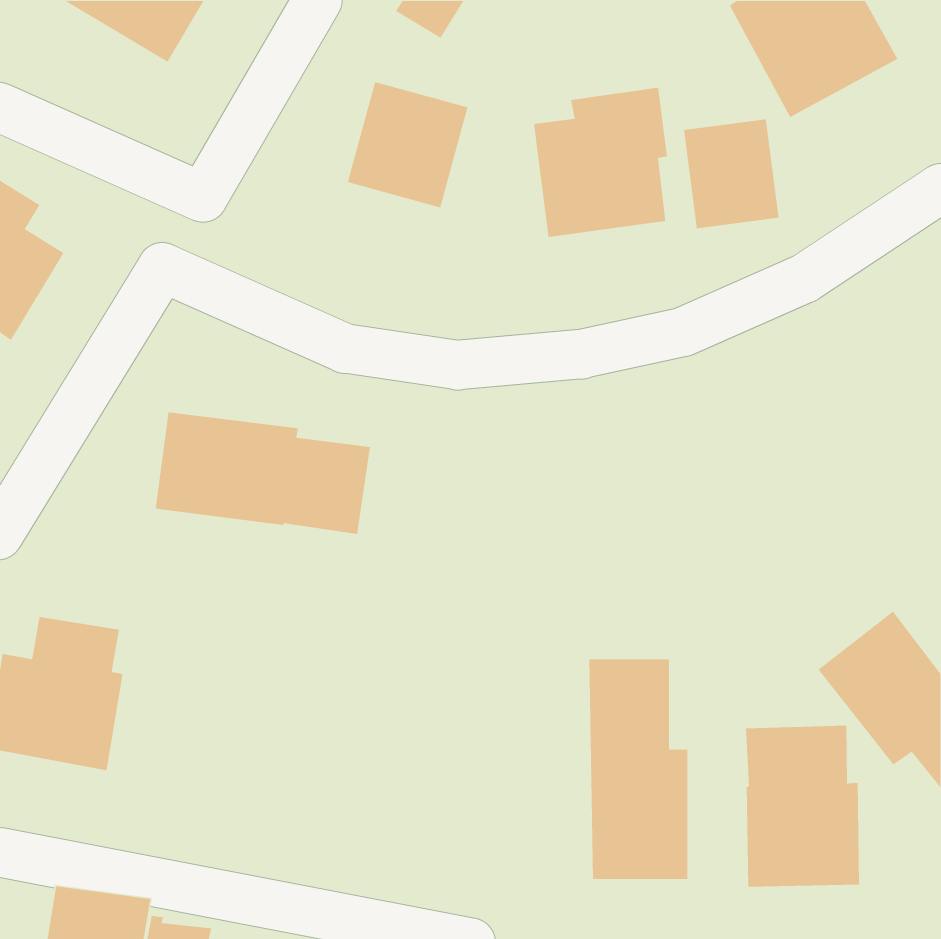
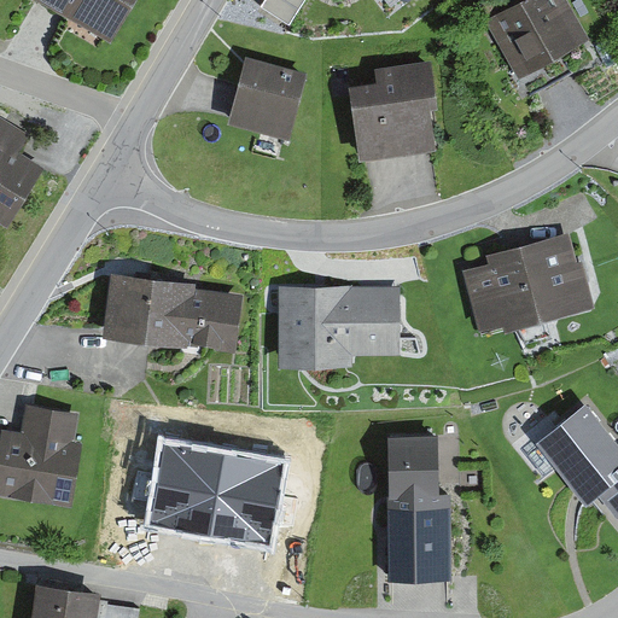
building: [683,119,780,229] -> none
building: none -> [461,233,594,332]
building: none -> [278,286,400,367]
building: none -> [147,444,284,549]
building: [745,725,860,887] -> none

